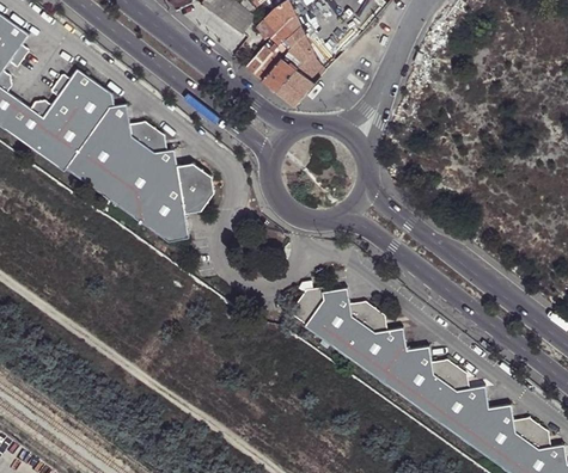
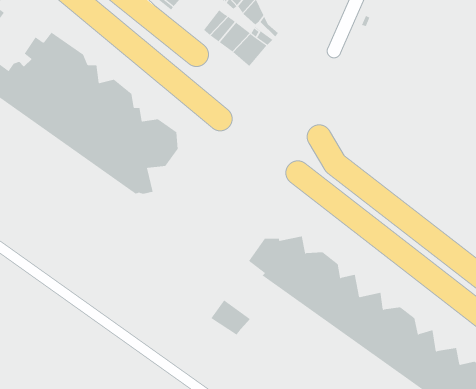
building: none -> [210,299,251,336]

